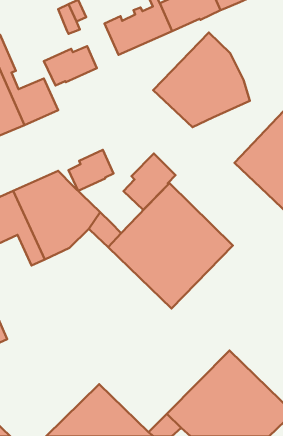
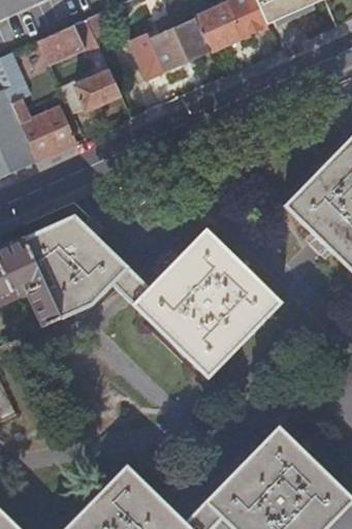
building: none -> [39,25,87,66]
building: [153,32,250,127] -> none
building: [68,150,114,191] -> none
building: [123,153,176,210] -> none

